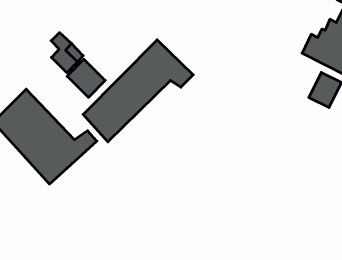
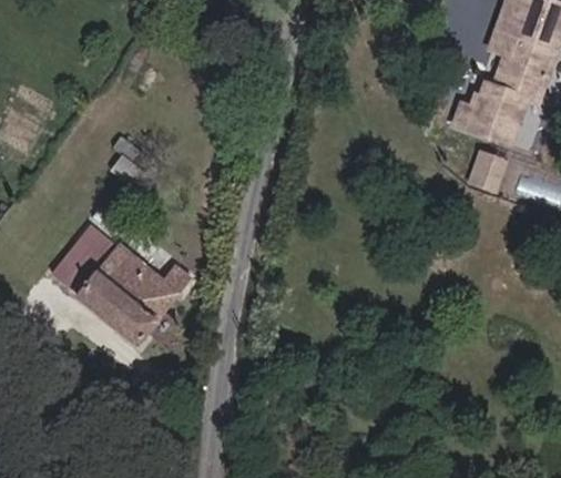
building: [83,40,193,142] -> none
building: [67,59,105,97] -> none

